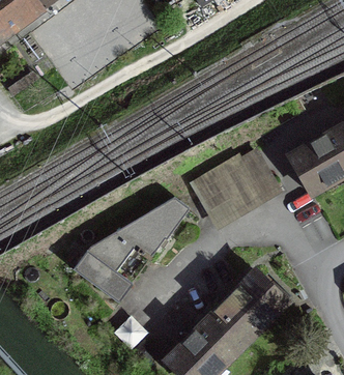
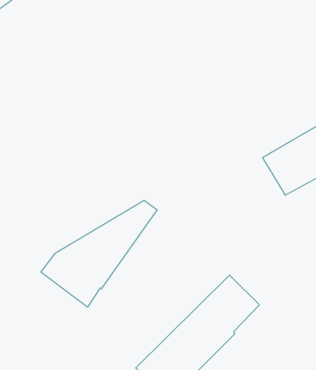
building: [205,149,277,215] -> none

